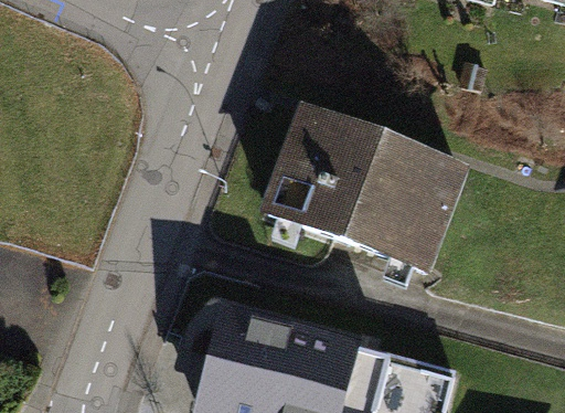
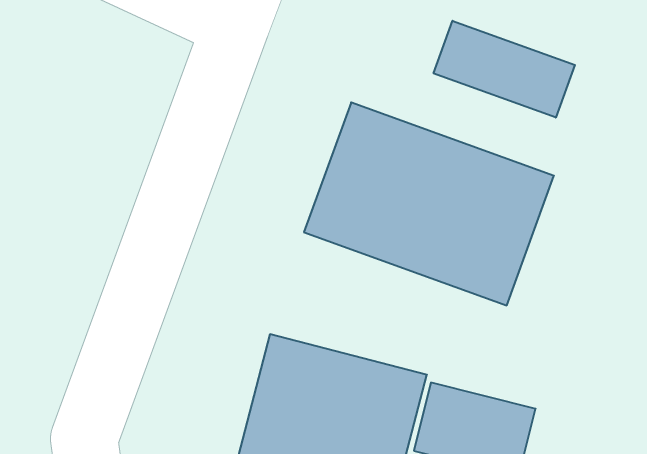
building: none -> [434,21,575,118]

